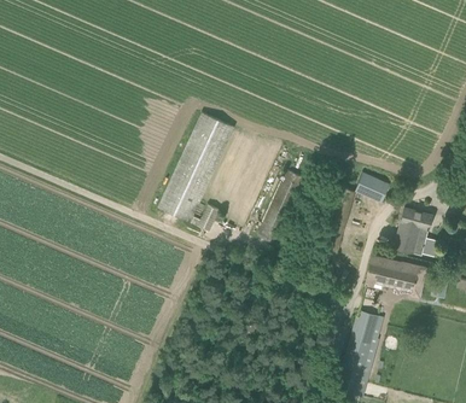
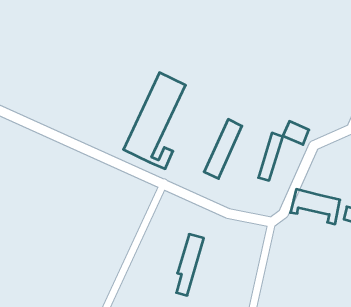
building: [395,206,433,255] -> none
building: [343,317,377,393] -> [176,234,204,295]

